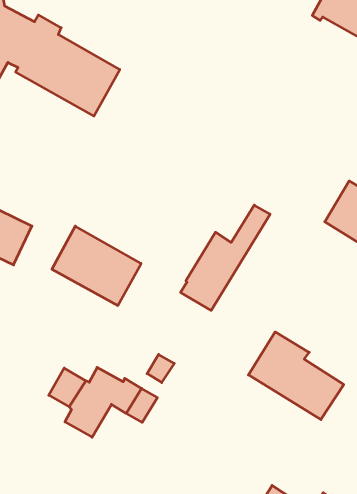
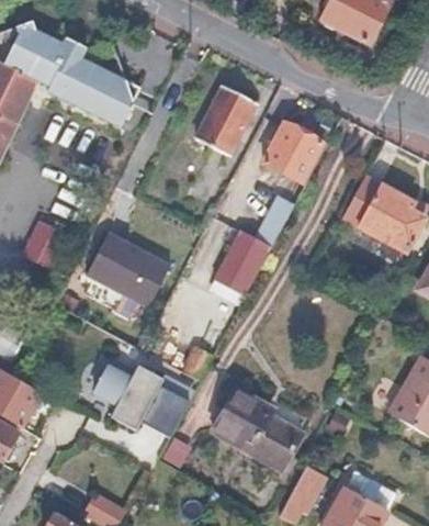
building: none -> [196,86,255,154]
building: none -> [264,124,321,180]
building: [248,332,344,420] -> [211,390,301,470]

